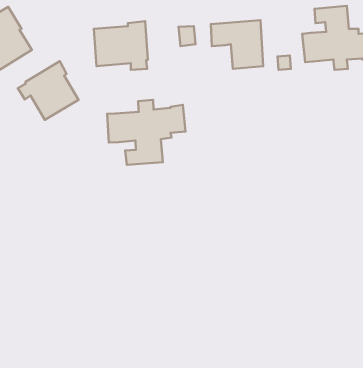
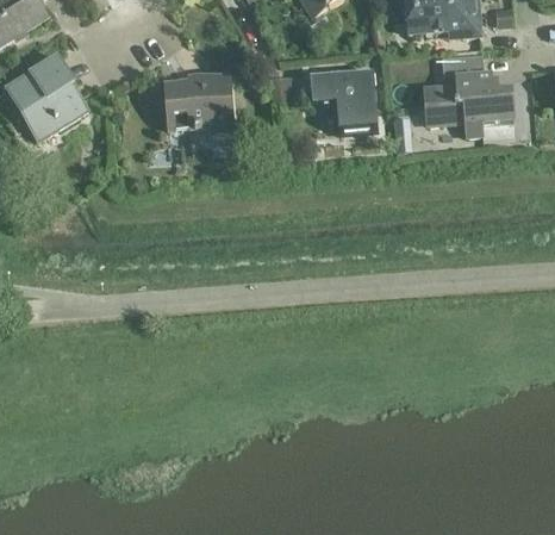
building: [18,61,78,120] -> none
building: [107,100,185,165] -> none

